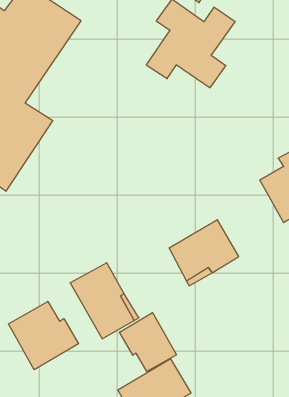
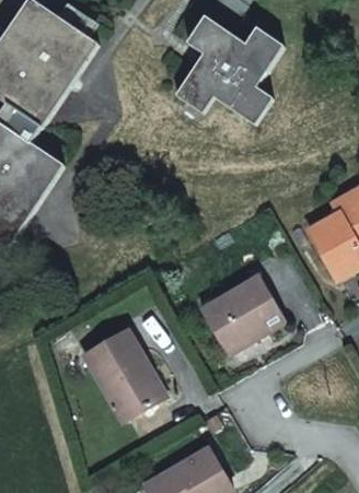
building: [8,301,79,370] -> none
building: [119,313,177,372] -> none

